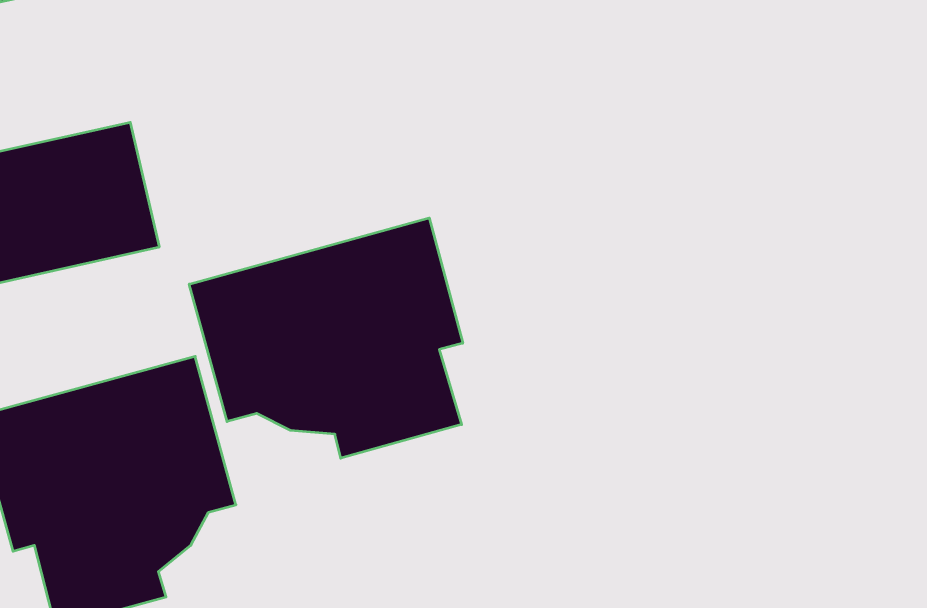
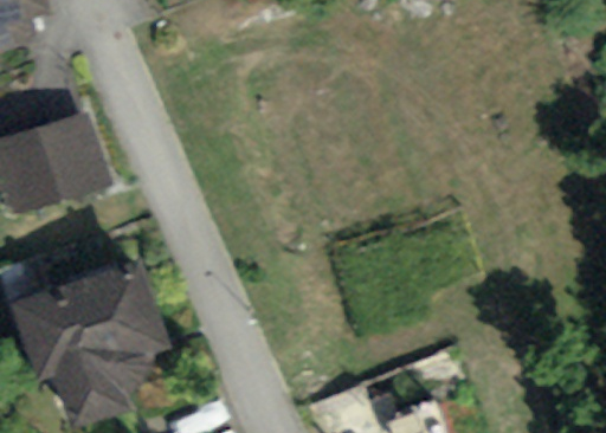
building: [189,218,463,458] -> none

